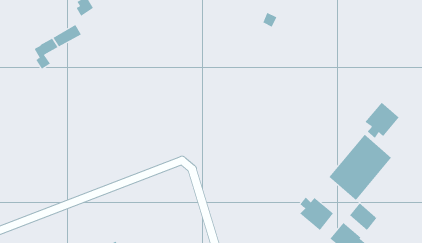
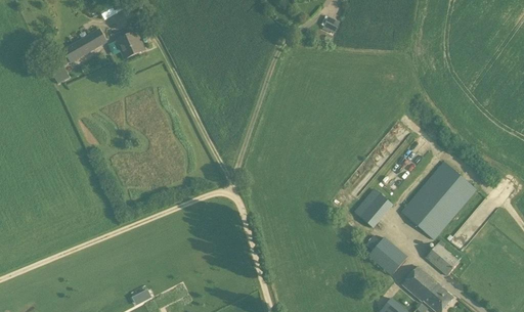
building: none -> [117,32,145,58]
building: [365,102,400,139] -> none
building: none -> [354,188,393,228]

